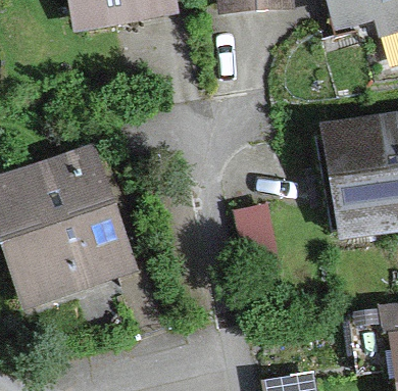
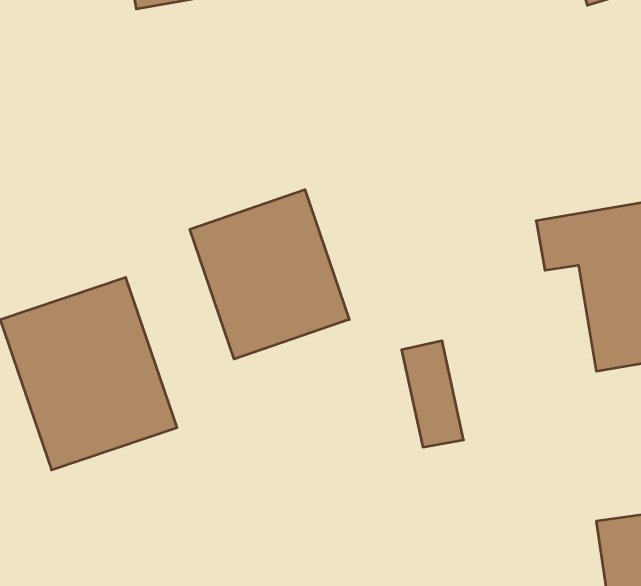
building: none -> [190,190,349,359]

